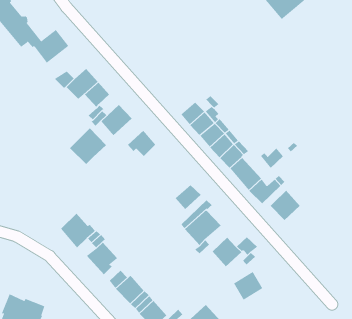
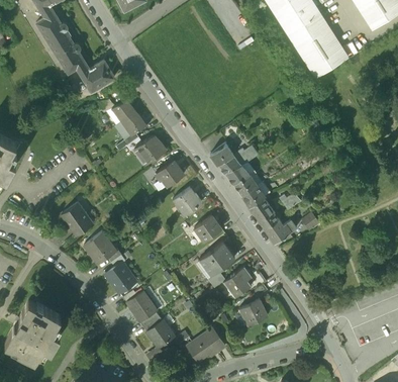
building: [69,128,107,165] -> none
building: none -> [173,190,202,218]
building: none -> [62,204,93,237]
building: [270,190,301,221] -> none

